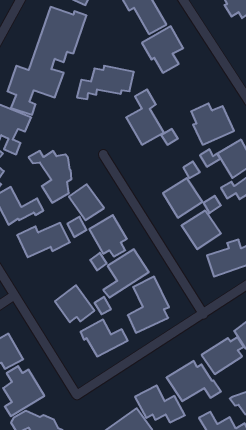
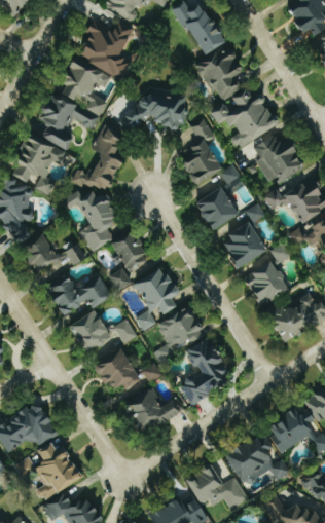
building: none -> [209,89,278,150]
building: none -> [69,126,122,192]
building: none -> [194,187,238,230]
building: none -> [69,310,135,354]

